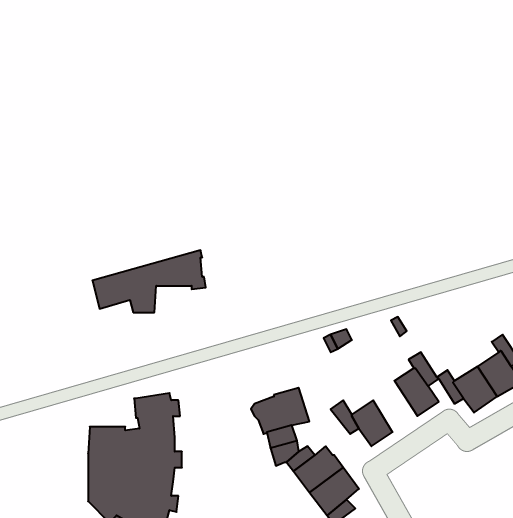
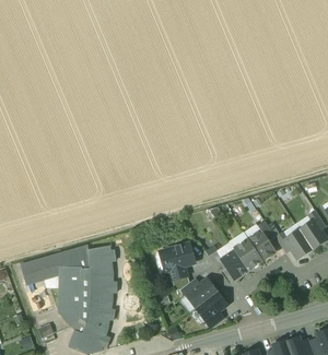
building: [92,250,206,312] -> [21,245,91,283]
building: none -> [234,238,262,270]

